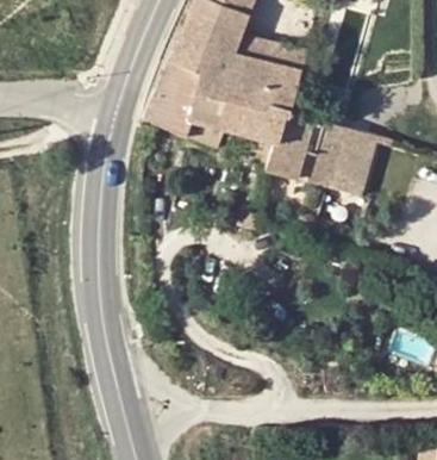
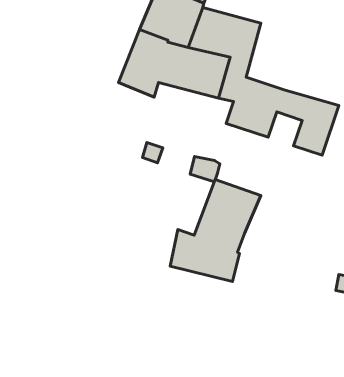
building: none -> [170,180,261,282]

